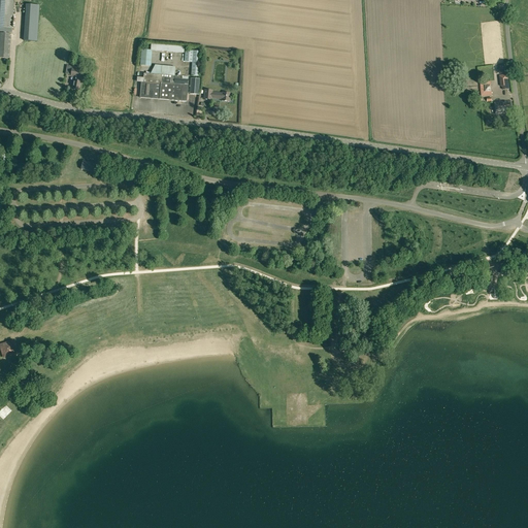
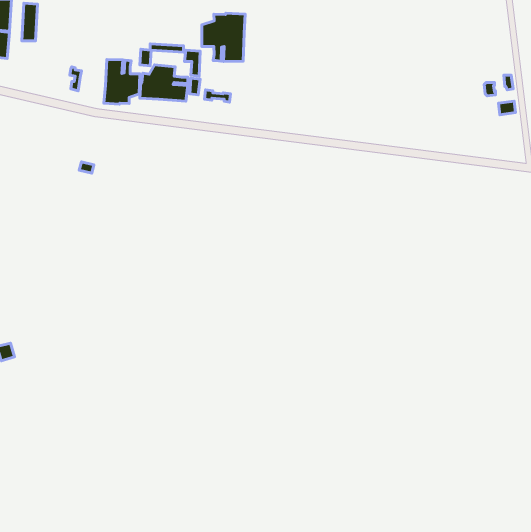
building: none -> [202,13,245,61]
building: none -> [104,60,140,104]

